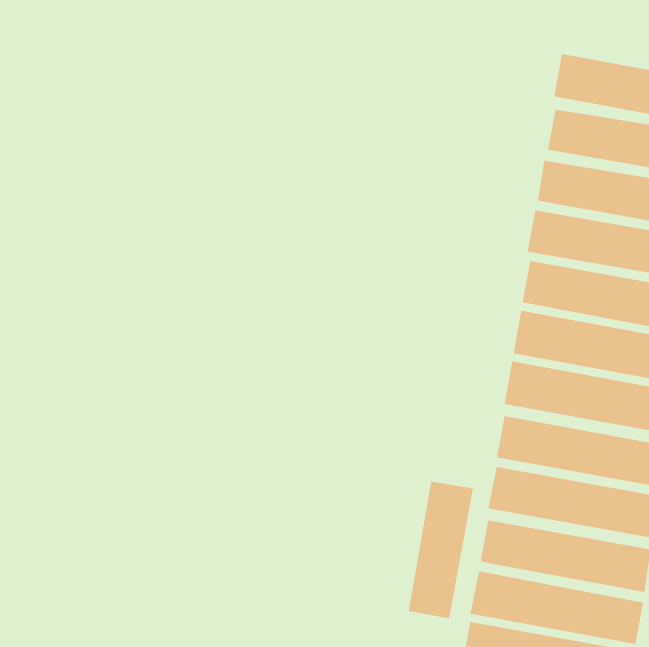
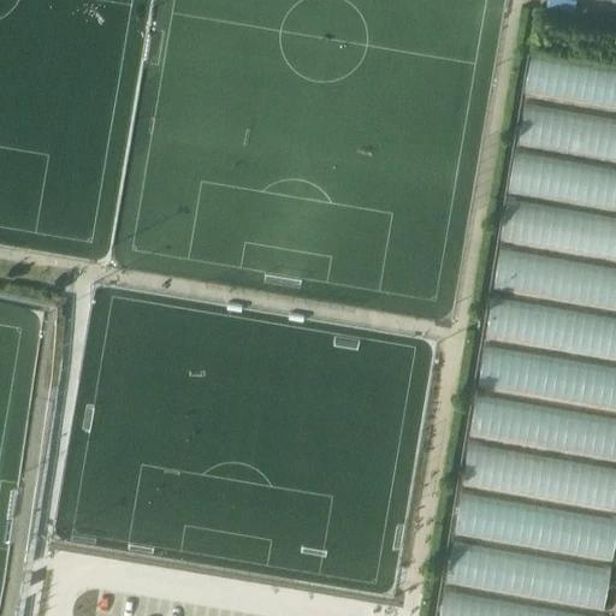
building: [408,481,473,619] -> none

